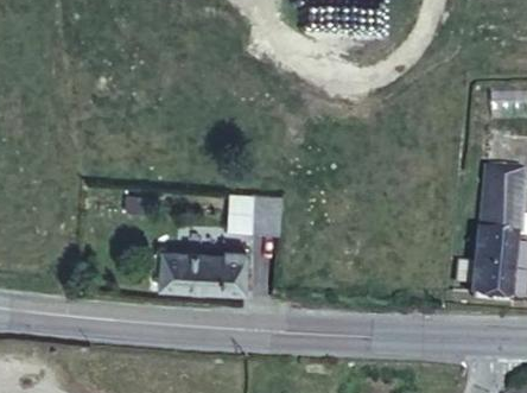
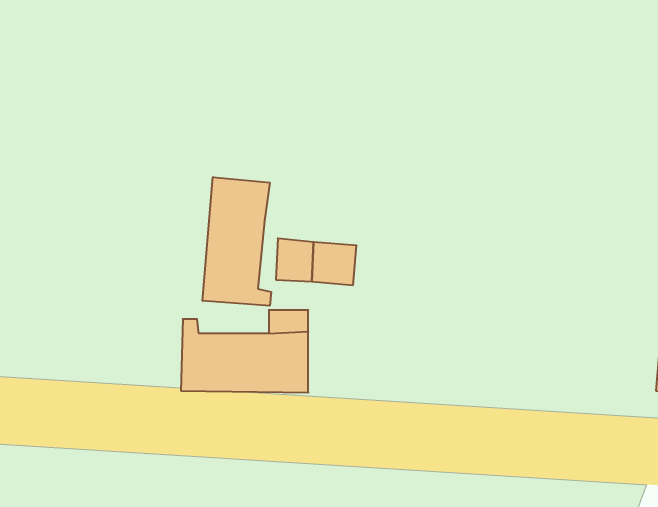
building: none -> [203,177,271,306]

